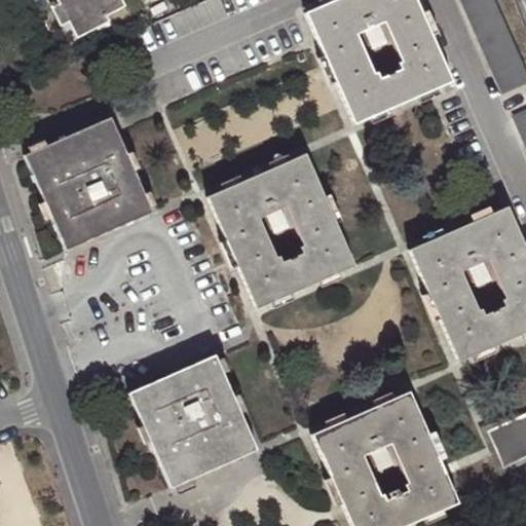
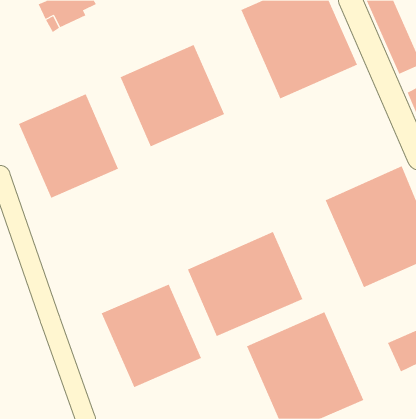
building: none -> [120,44,225,147]
building: [209,154,355,307] -> none
building: none -> [187,231,303,337]

